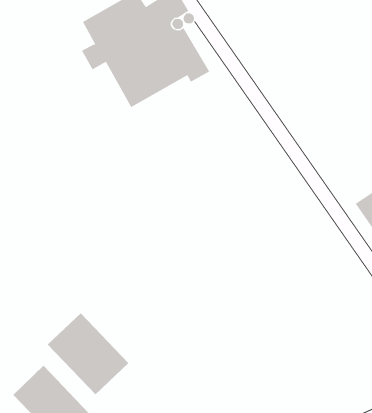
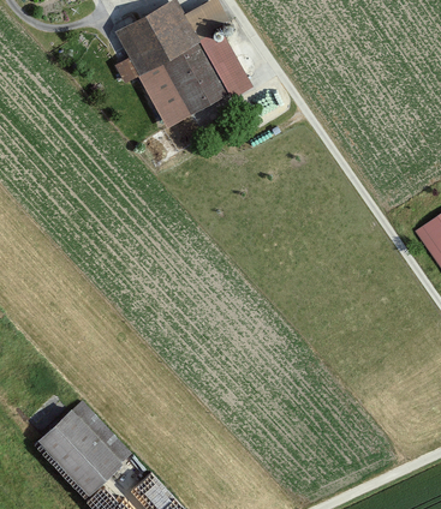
building: [47,313,129,395] -> none

